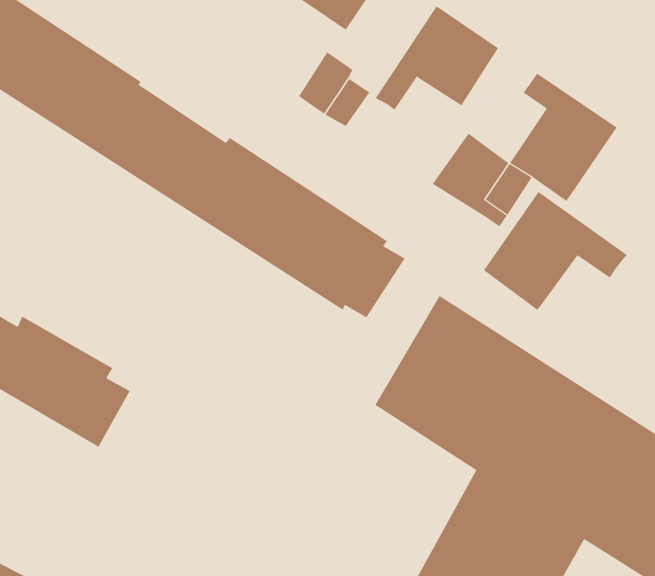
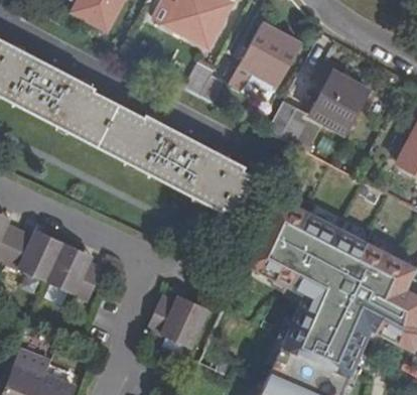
building: [483,191,628,311] -> none
building: none -> [146,296,207,349]

